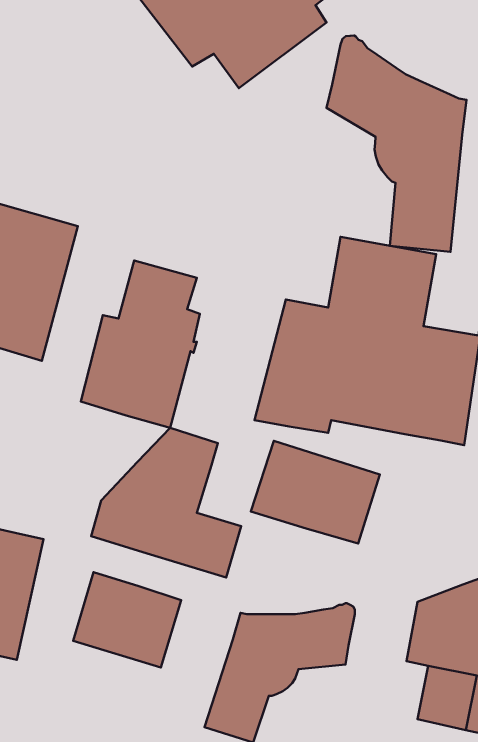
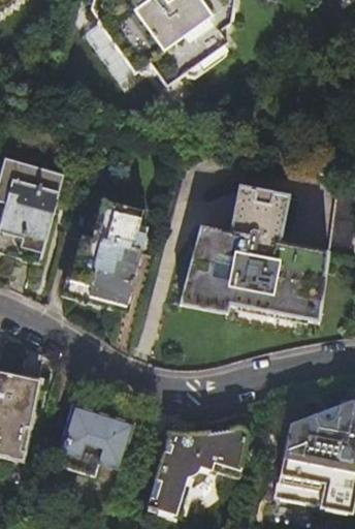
building: [326,36,466,252] -> none
building: [91,428,241,577] -> none
building: [251,441,380,544] -> none

